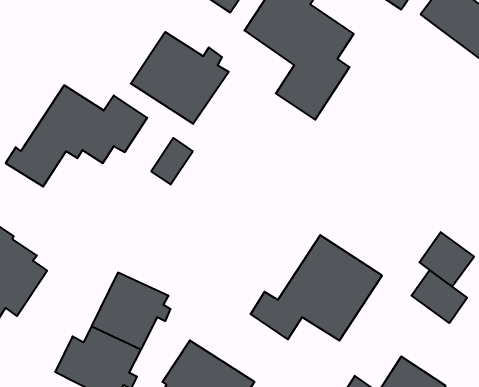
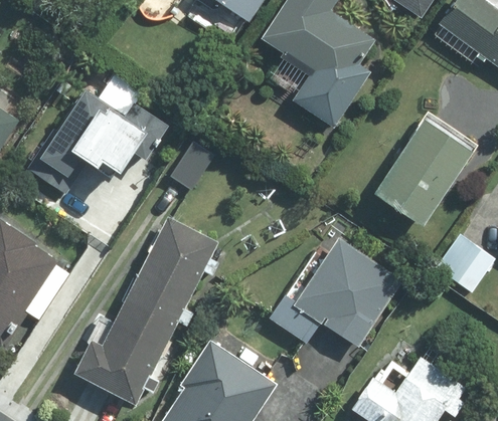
building: [131,32,229,124] -> none
building: none -> [377,118,473,222]
building: none -> [138,218,217,299]
building: [411,270,467,323] -> none

